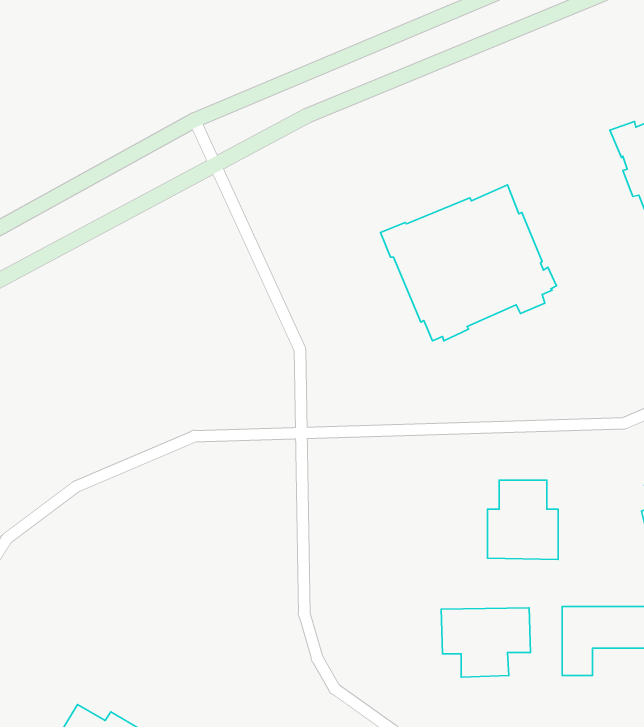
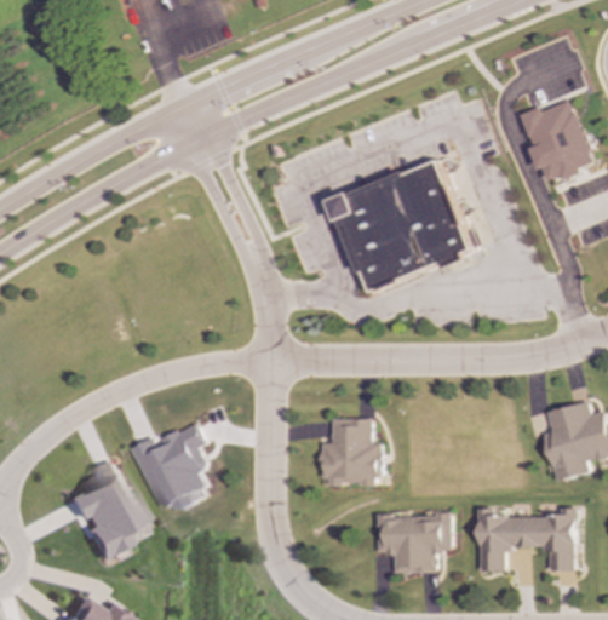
building: [488,480,558,560] -> [320,419,379,486]
building: none -> [130,423,206,511]
building: none -> [59,461,138,558]

